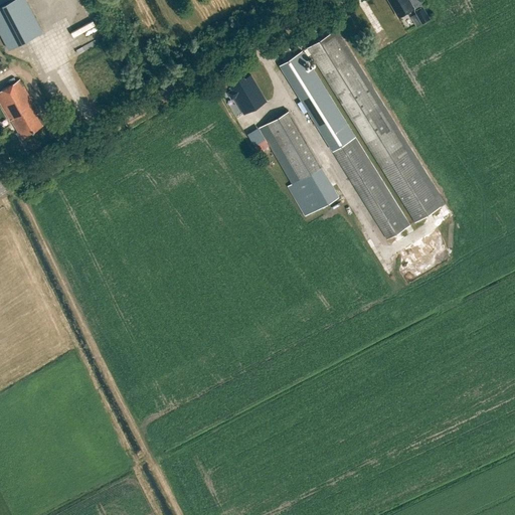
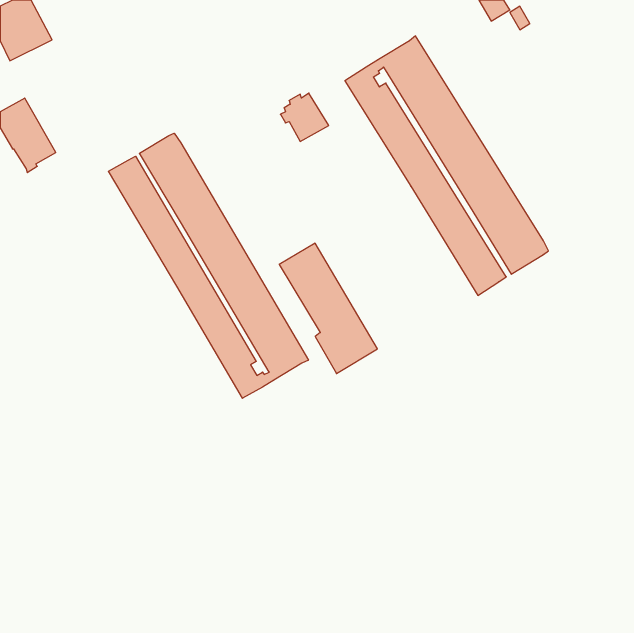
building: none -> [108,133,308,398]
building: [259,112,338,217] -> [279,243,377,374]

